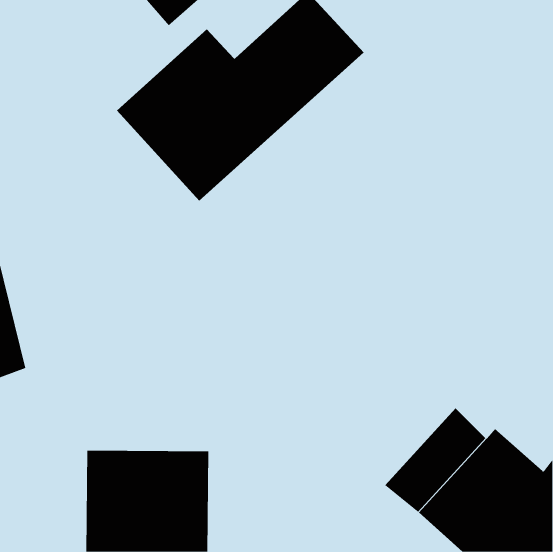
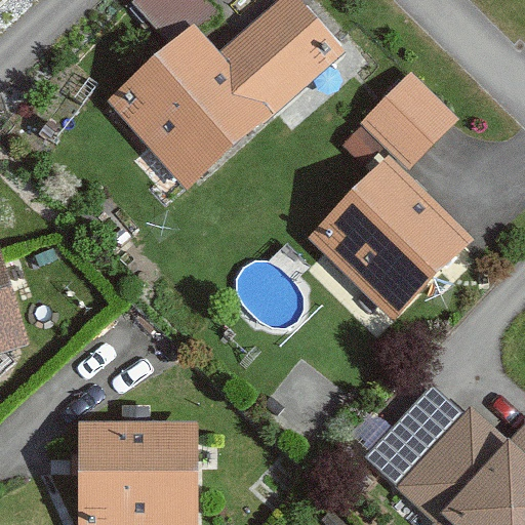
building: none -> [309,74,474,321]

